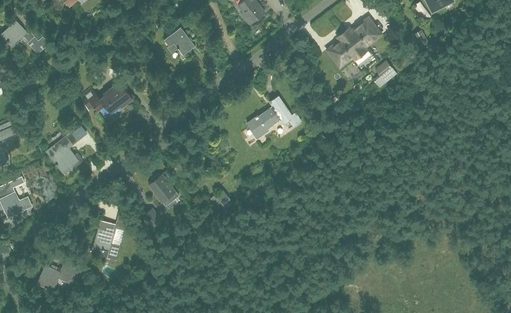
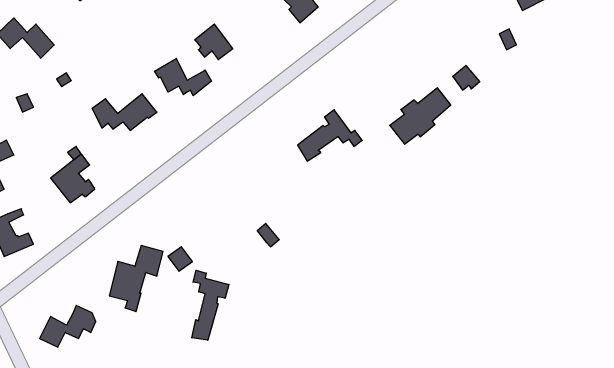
building: [328,20,378,66] -> [390,88,451,144]
building: none -> [155,58,212,96]
building: [147,174,178,206] -> none
building: none -> [192,270,229,340]

